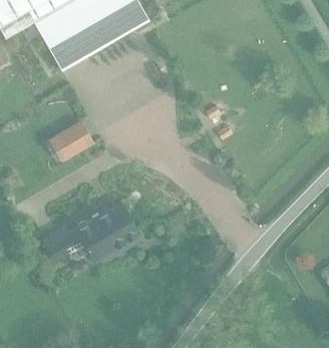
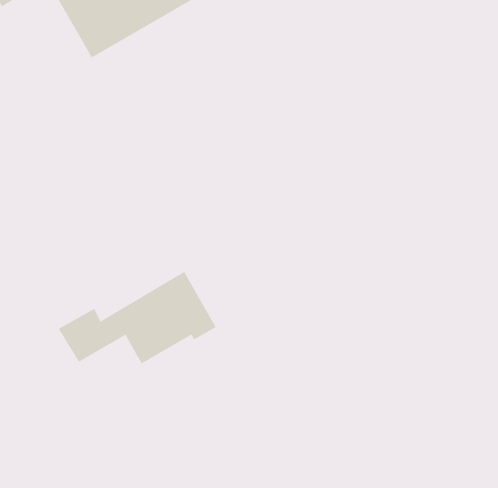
building: [48,120,92,160] -> none

